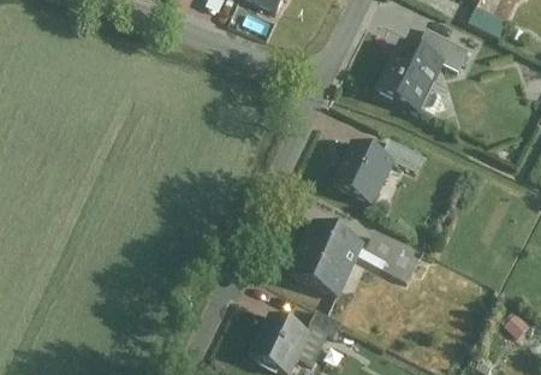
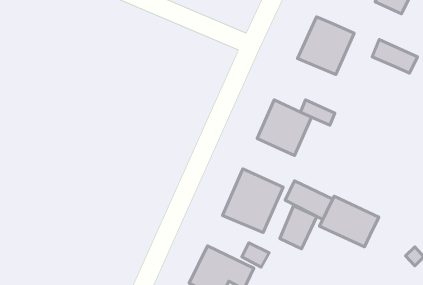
building: [416,26,470,66] -> [372,40,418,73]
building: none -> [319,196,379,247]
building: none -> [280,206,317,249]

